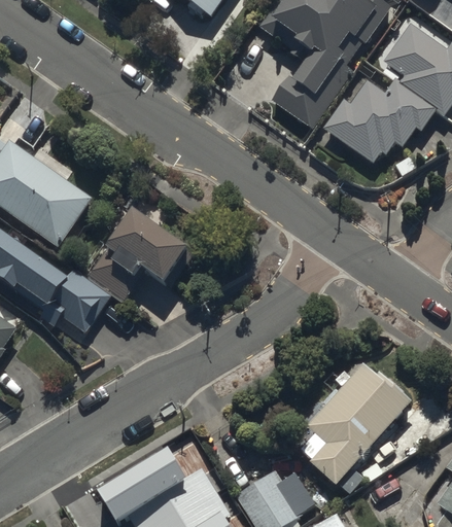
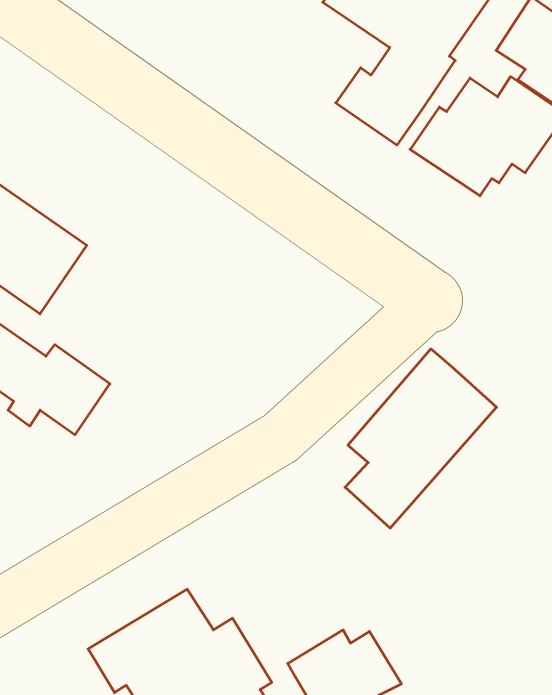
building: [88,212,190,300] -> none
building: [304,361,411,488] -> [345,349,497,528]

